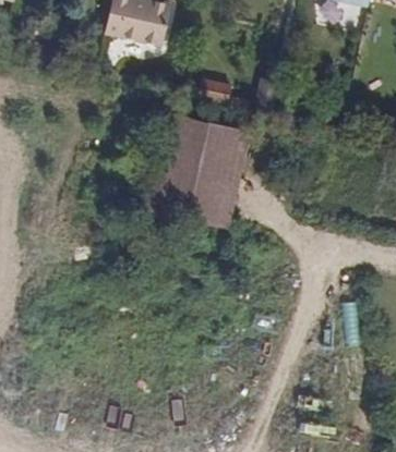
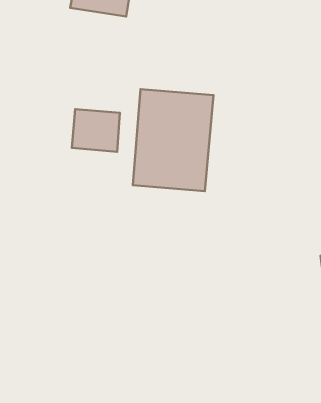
building: none -> [72,109,120,152]

